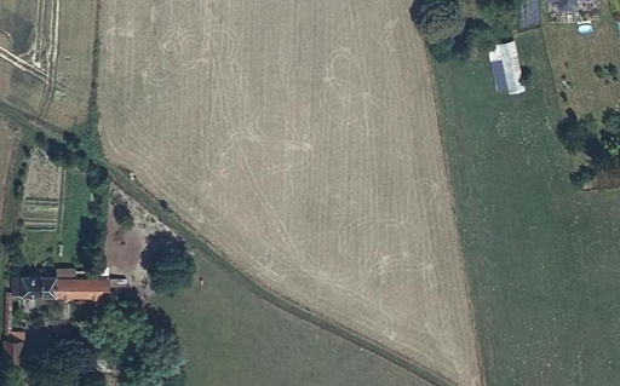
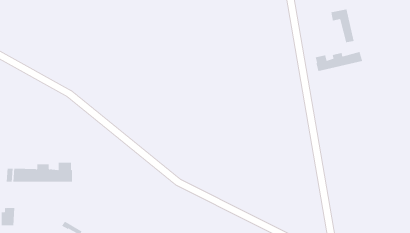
building: none -> [315,51,363,72]

